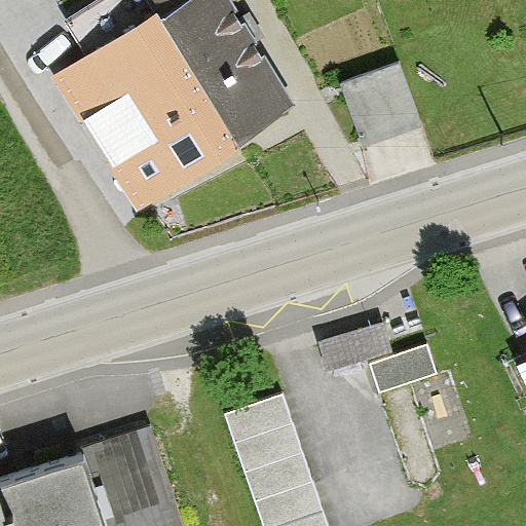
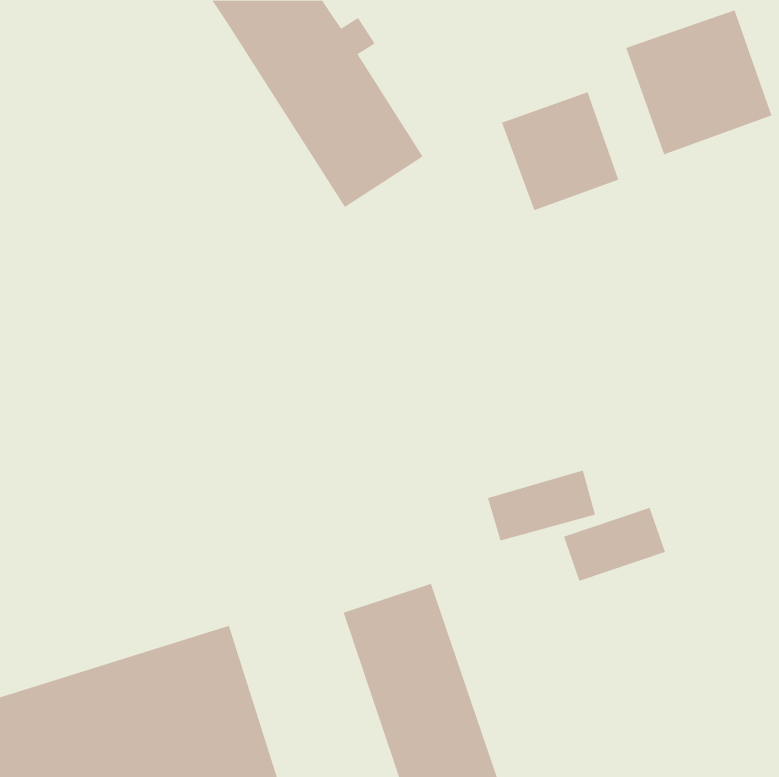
building: none -> [625,10,772,155]
building: [54,26,228,208] -> none

